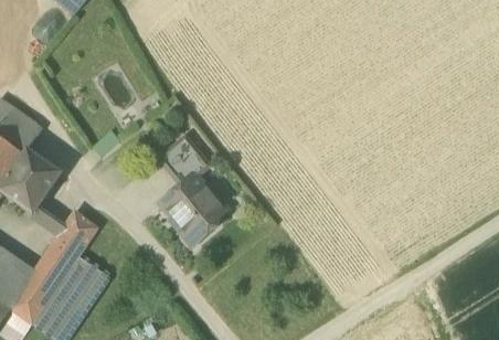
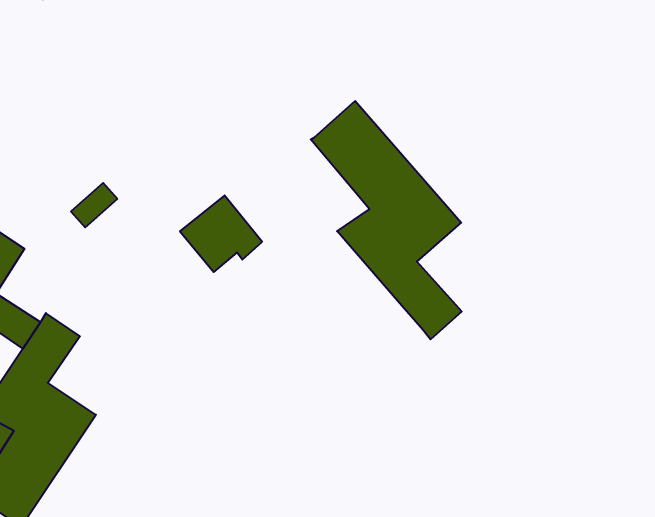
building: none -> [311,101,462,339]
building: [160,171,226,244] -> none

